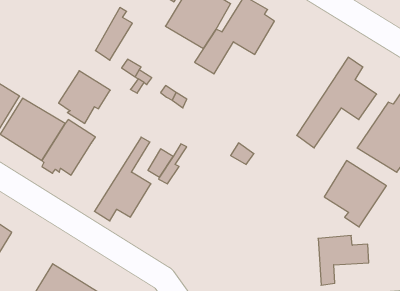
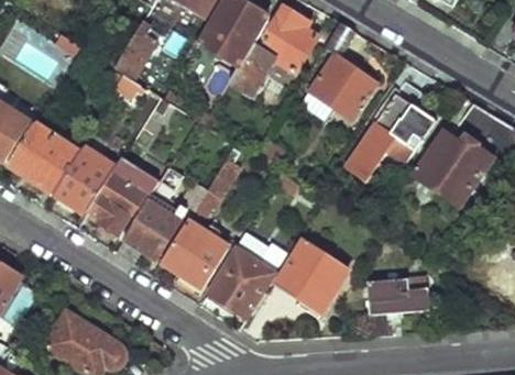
building: none -> [314,22,377,120]
building: [59,71,110,123] -> [89,174,147,233]
building: [324,161,386,227] -> [278,242,349,317]
building: none -> [163,223,227,294]
building: none -> [208,247,274,317]

